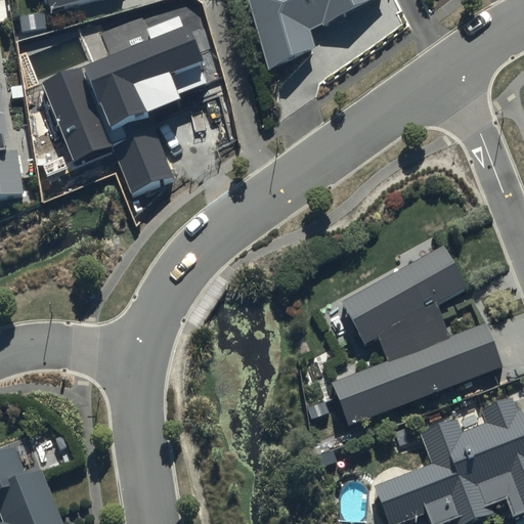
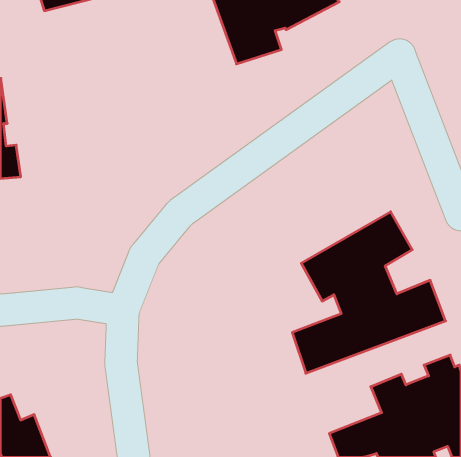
building: [43,21,208,191] -> none

